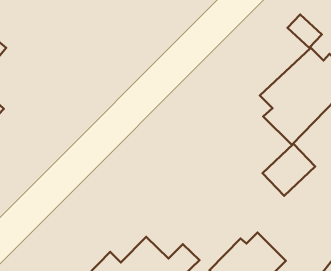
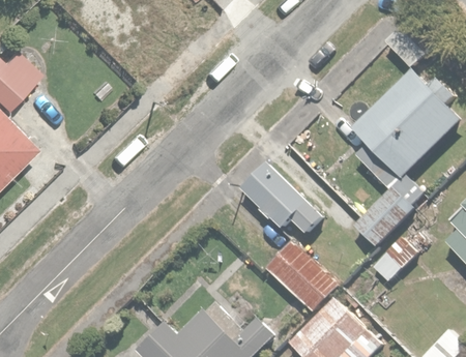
building: none -> [238,158,336,235]
building: none -> [267,241,338,311]

